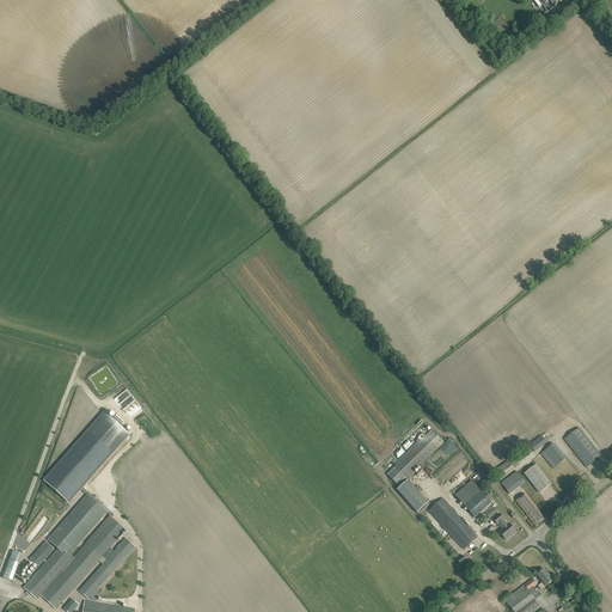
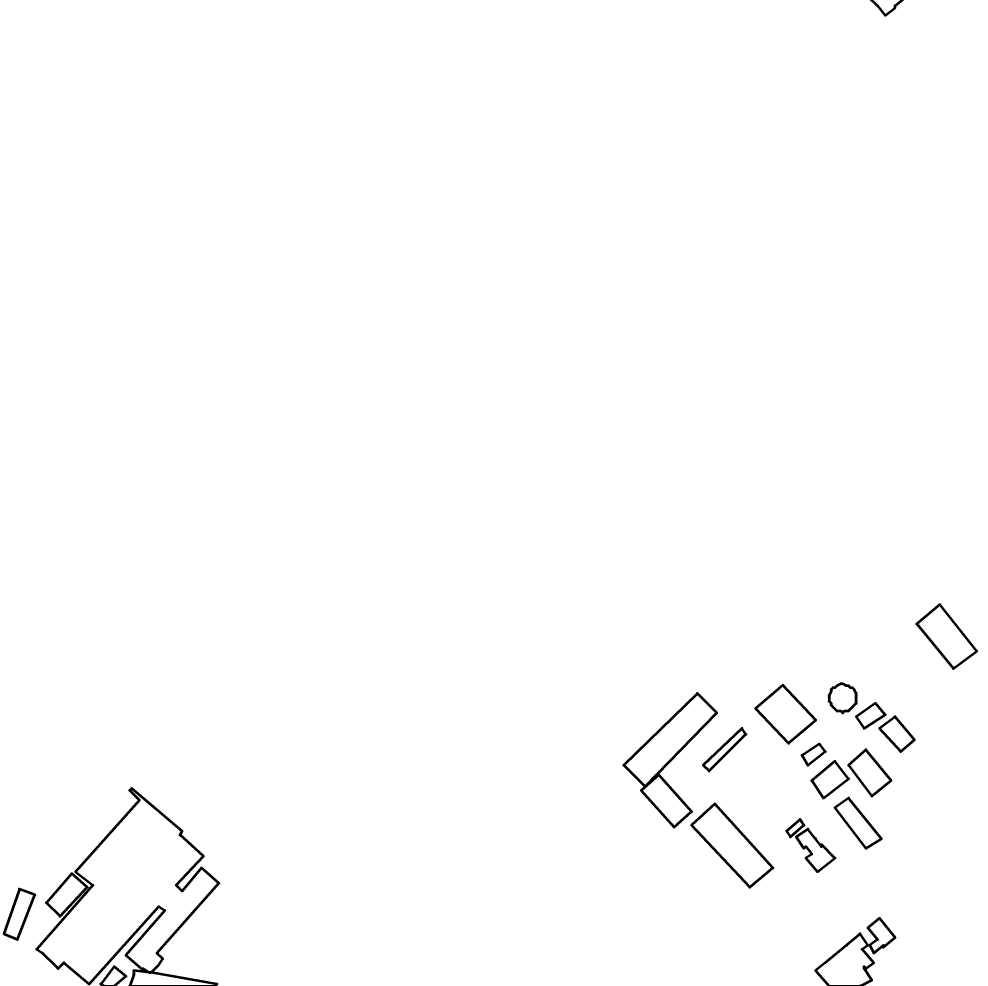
building: [42,410,129,501] -> none
building: [563,426,600,465] -> [917,605,977,669]
building: [453,479,490,515] -> [756,685,816,743]

